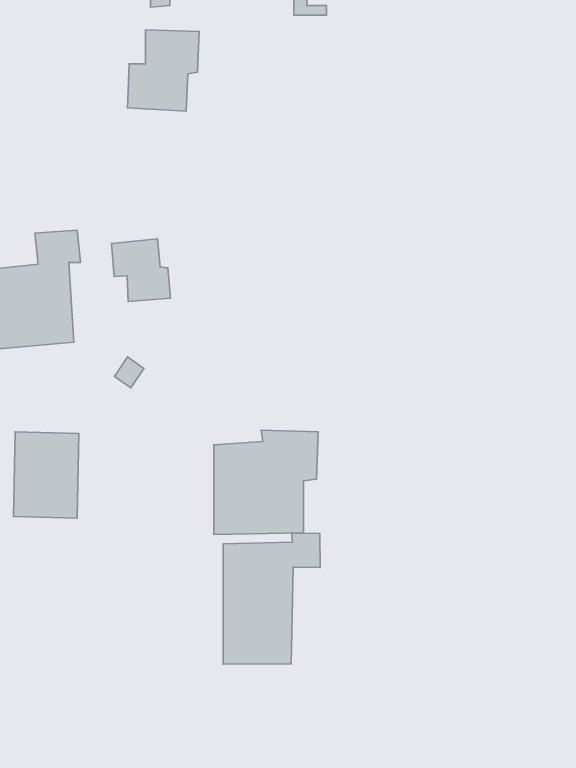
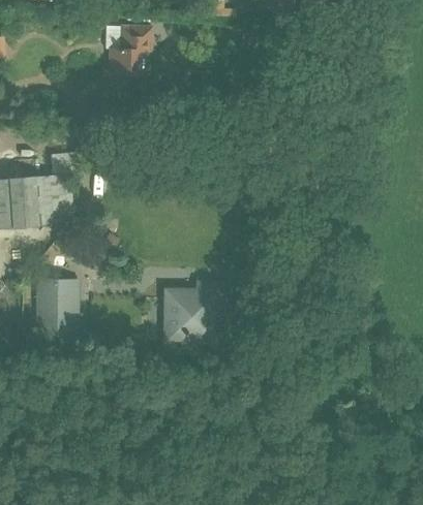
building: [112,239,170,302] -> none
building: [223,533,320,664] -> none

